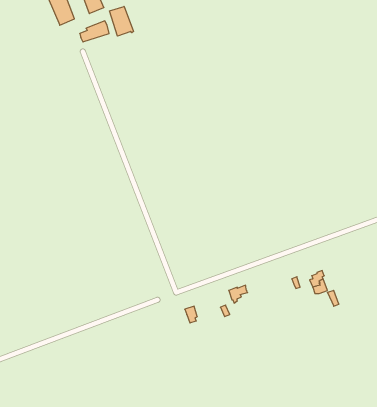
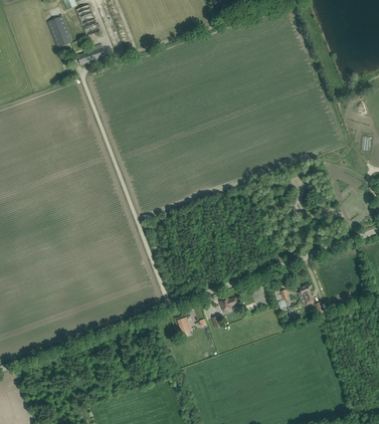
building: [110,6,133,36] -> none

